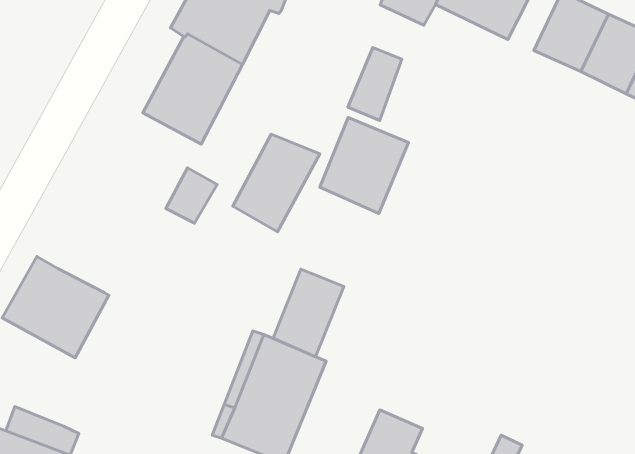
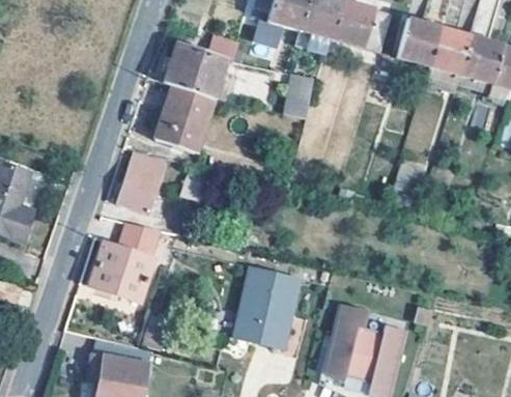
building: [320,118,409,214] -> none
building: [233,134,320,232] -> [117,151,167,212]
building: none -> [118,221,160,257]
building: [273,269,344,357] -> none

